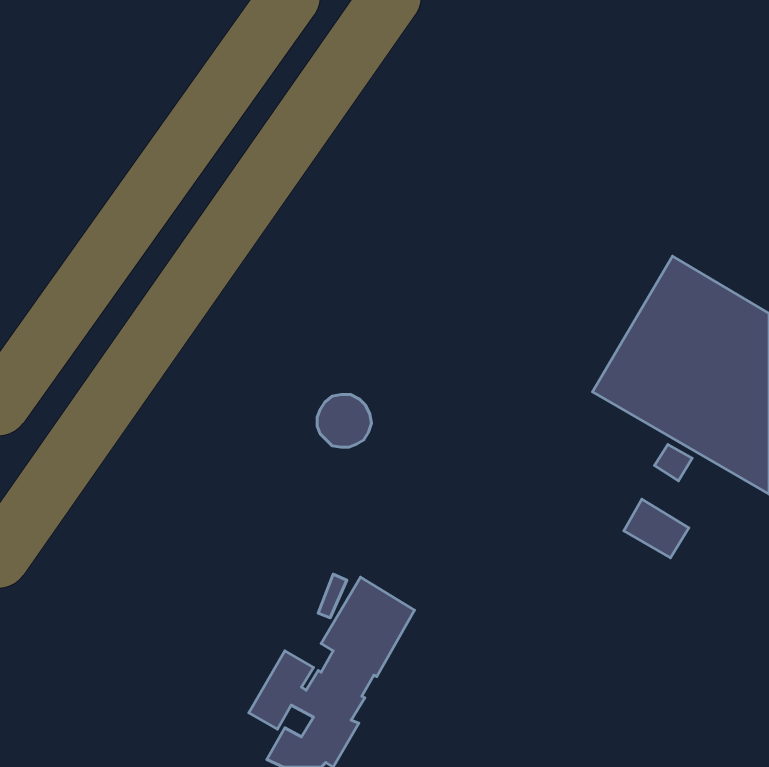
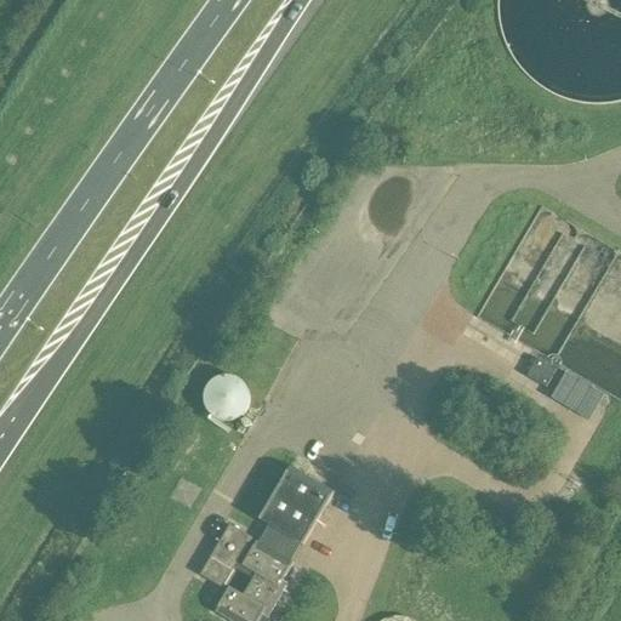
building: [317,395,371,447] -> [209,380,252,422]
building: [624,499,689,558] -> [551,371,603,418]

